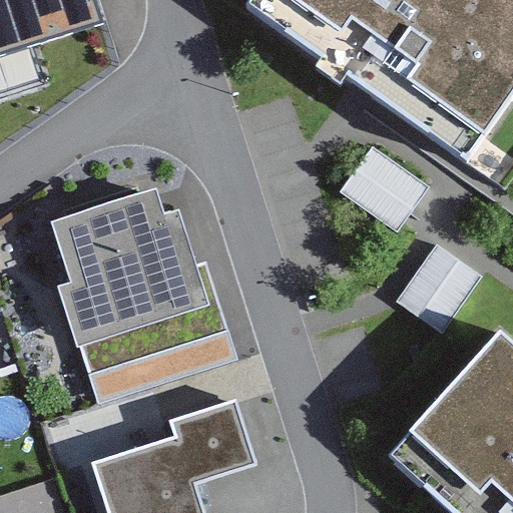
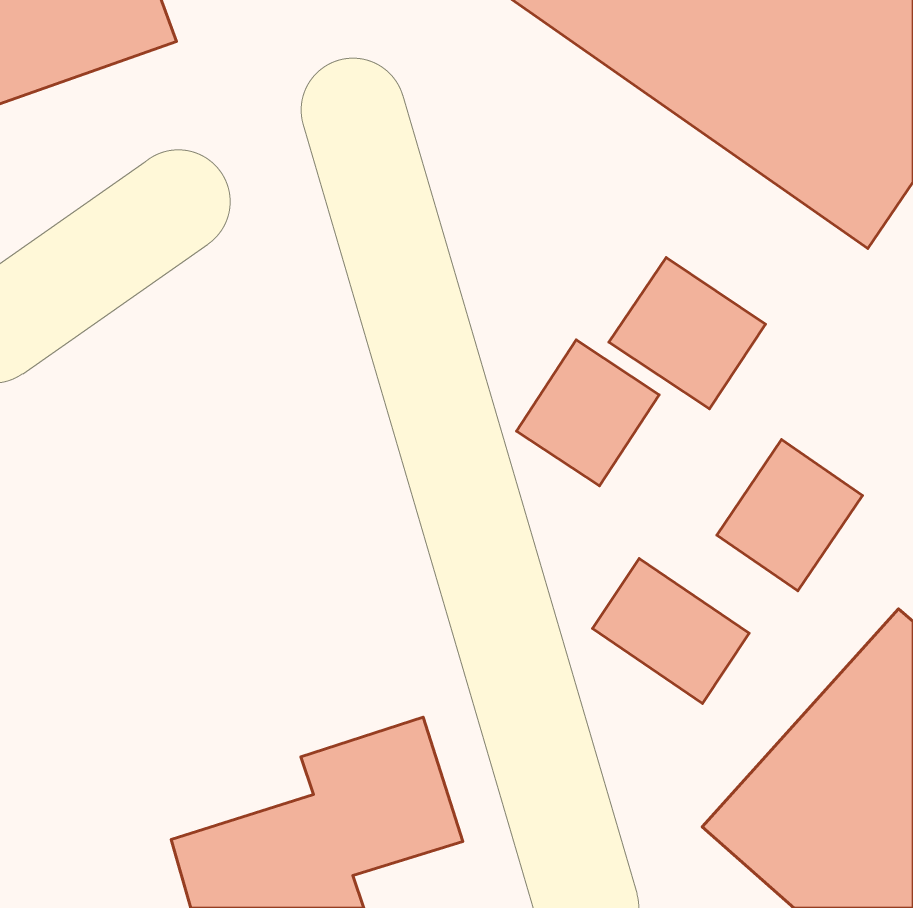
building: none -> [517,340,659,486]
building: [57,196,229,378] -> none
building: none -> [593,558,749,703]

